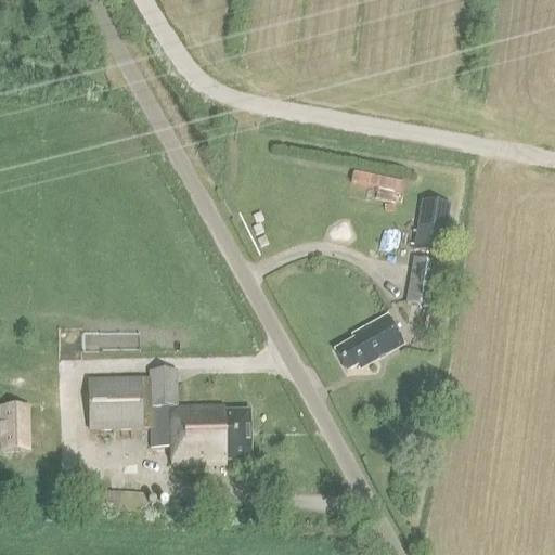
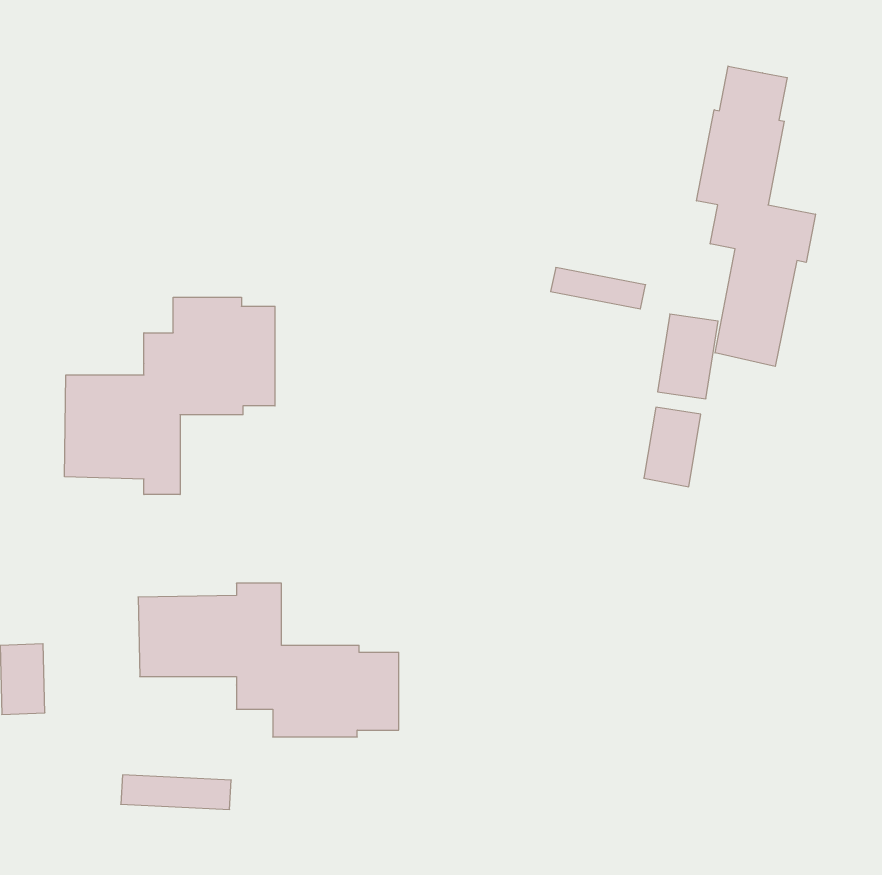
building: none -> [697,66,815,366]
building: none -> [65,297,275,495]
building: [337,312,403,367] -> none

